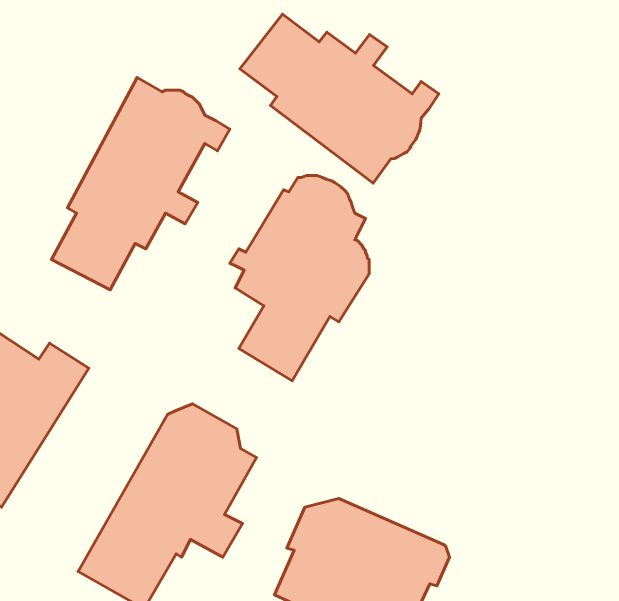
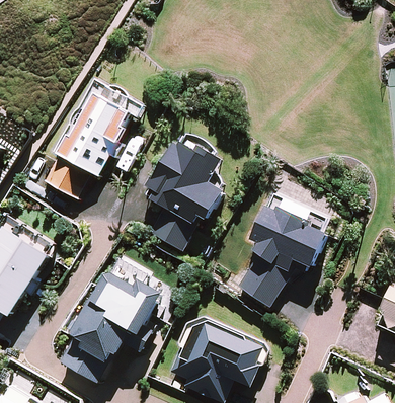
building: [240,14,439,183] -> none
building: none -> [235,194,330,310]

